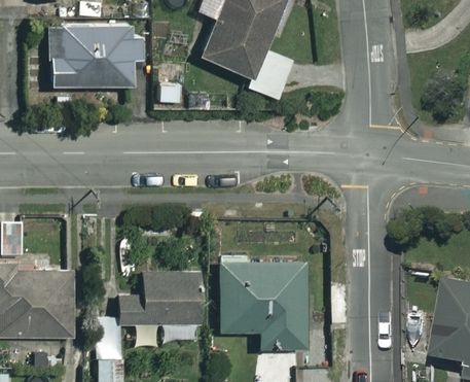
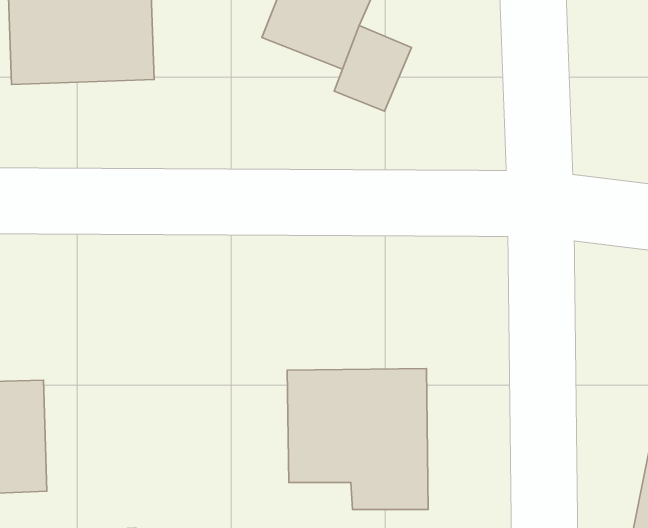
building: [113,271,203,348] -> none

